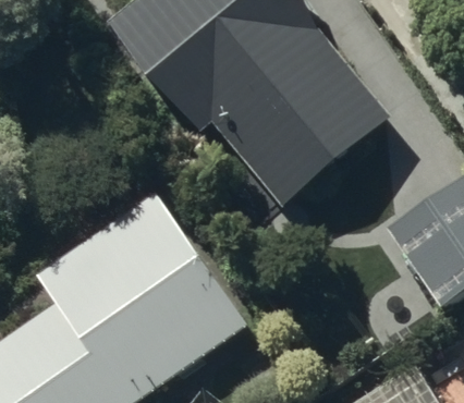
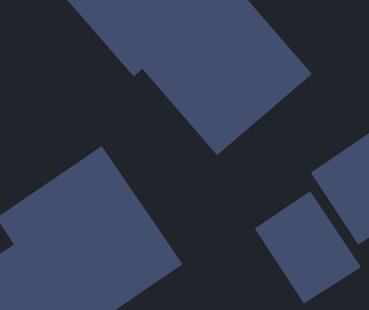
building: none -> [254,190,362,305]

